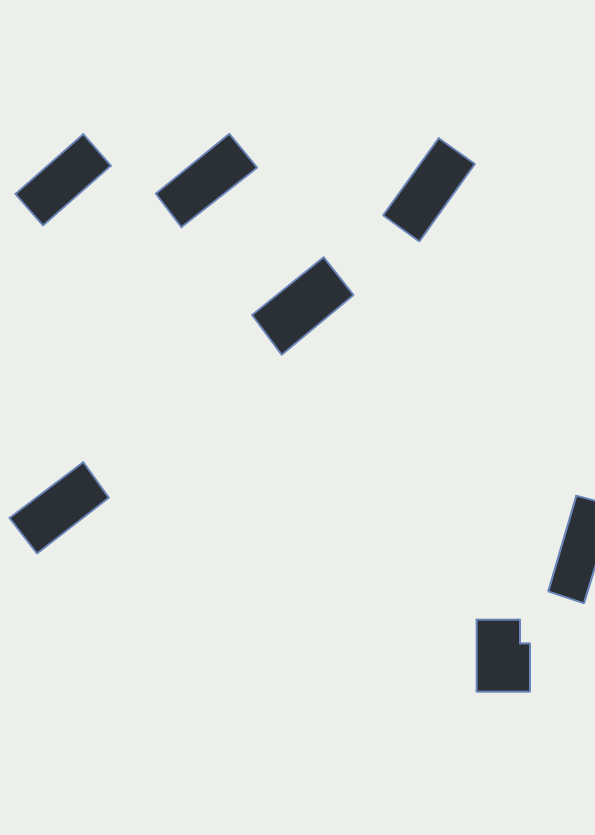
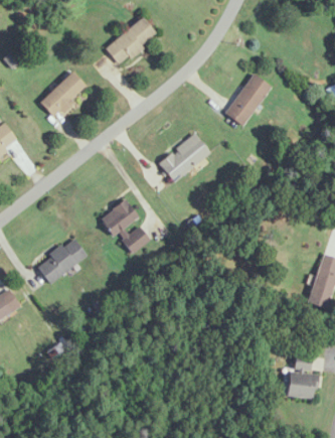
building: [156,134,257,227] -> [106,17,157,64]
building: none -> [100,199,150,253]
building: [476,620,530,691] -> [289,360,316,397]

